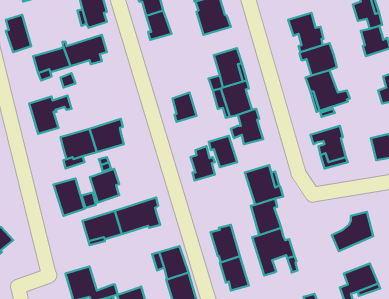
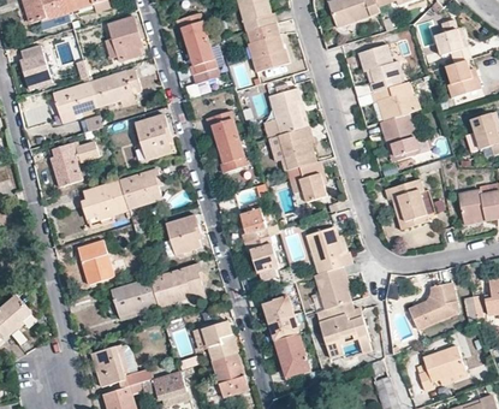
building: none -> [207,112,239,146]
building: none -> [136,114,171,161]
building: [209,136,237,167] -> [245,236,279,273]
building: [90,169,119,202] -> [166,215,201,255]

